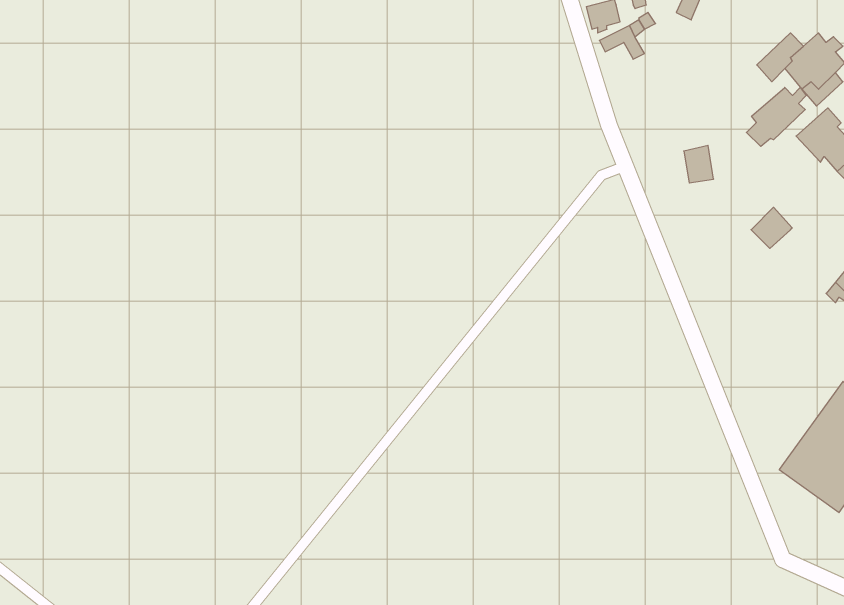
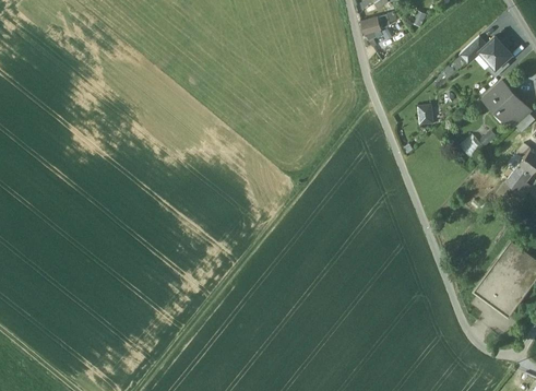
building: [746,87,806,146] -> none

